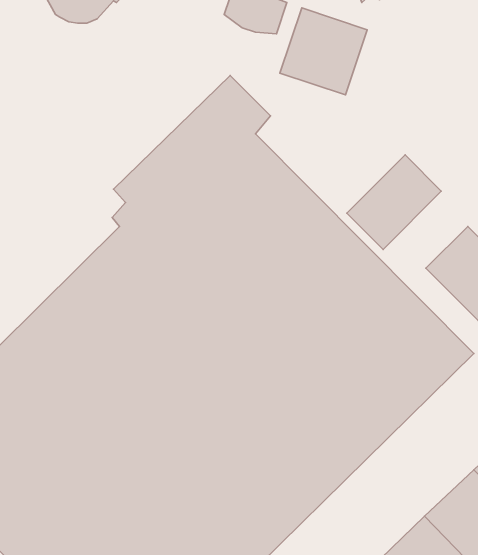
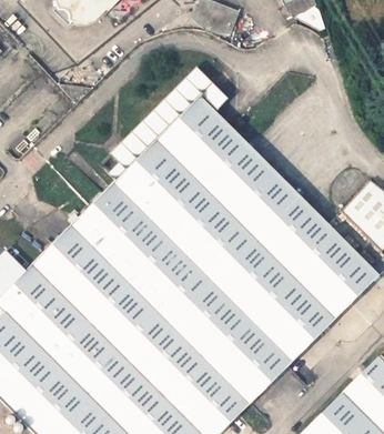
building: [280,8,367,95] -> none
building: [347,155,441,249] -> none

